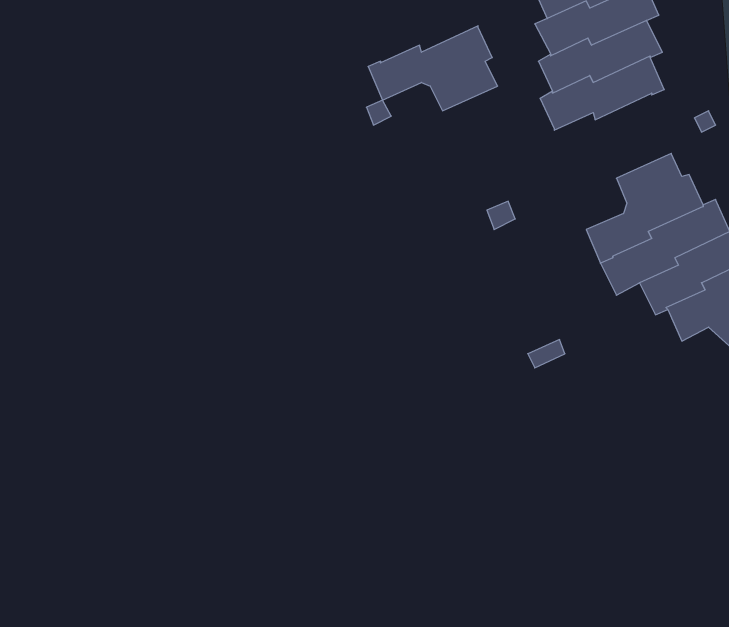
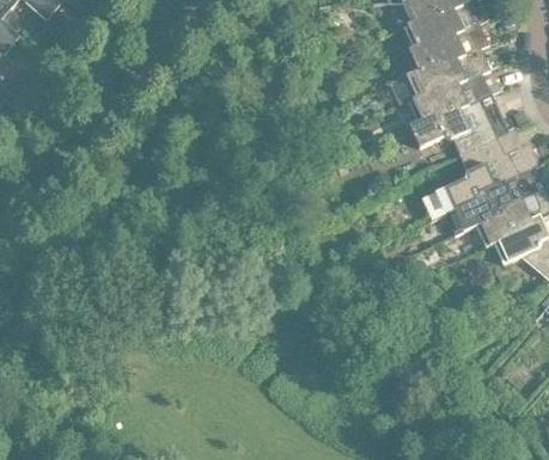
building: [368,26,498,111] -> [409,98,496,155]

